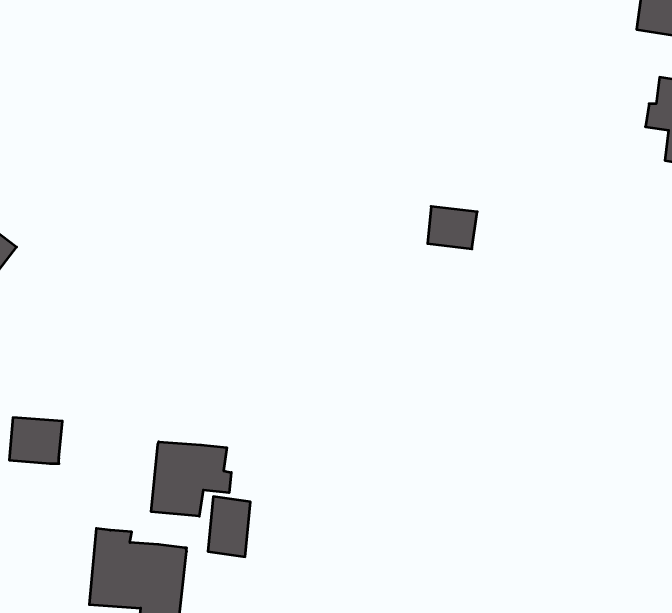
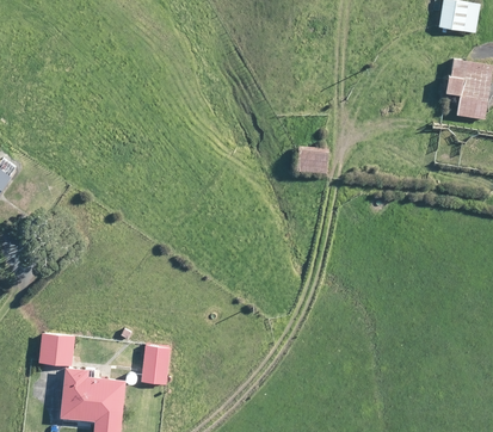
building: [9,418,62,464] -> [41,333,76,364]
building: [151,442,231,516] -> none

